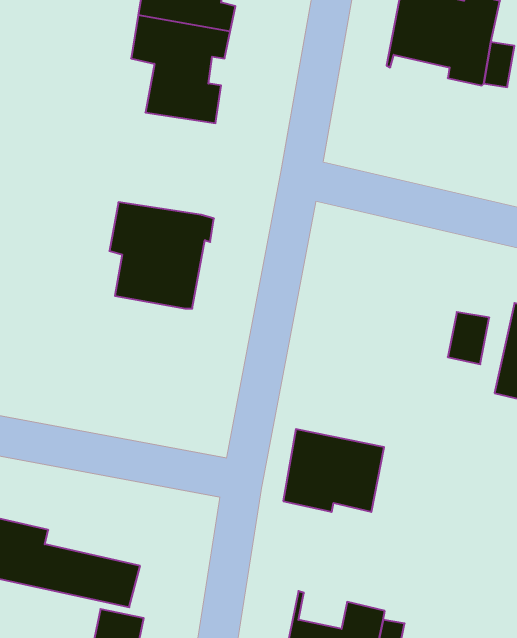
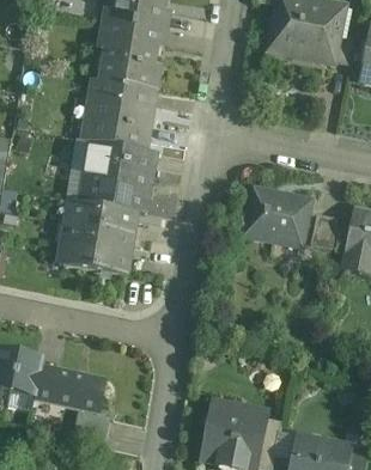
building: none -> [84,78,156,148]
building: none -> [62,200,135,274]
building: [283,429,384,512] -> [244,187,311,242]

